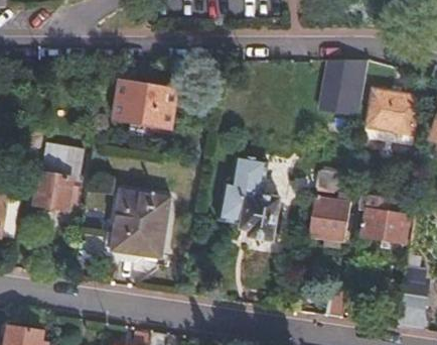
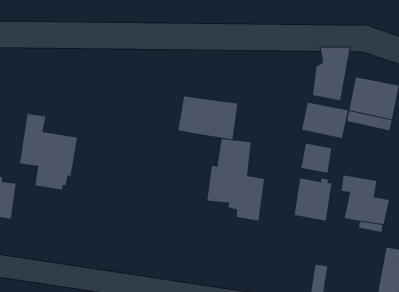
building: [112,82,175,128] -> [178,96,238,140]
building: none -> [301,102,349,139]
building: [110,190,169,262] -> none

